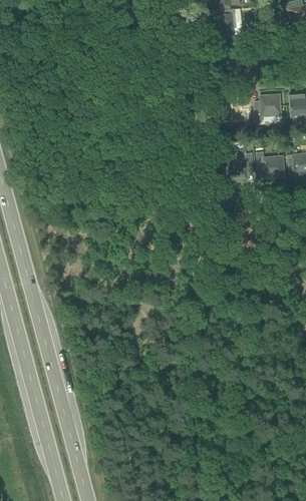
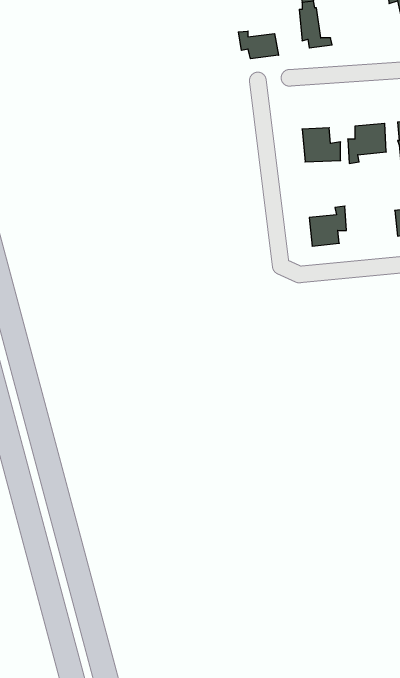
building: none -> [238,31,279,59]
building: [256,151,284,177] -> none

